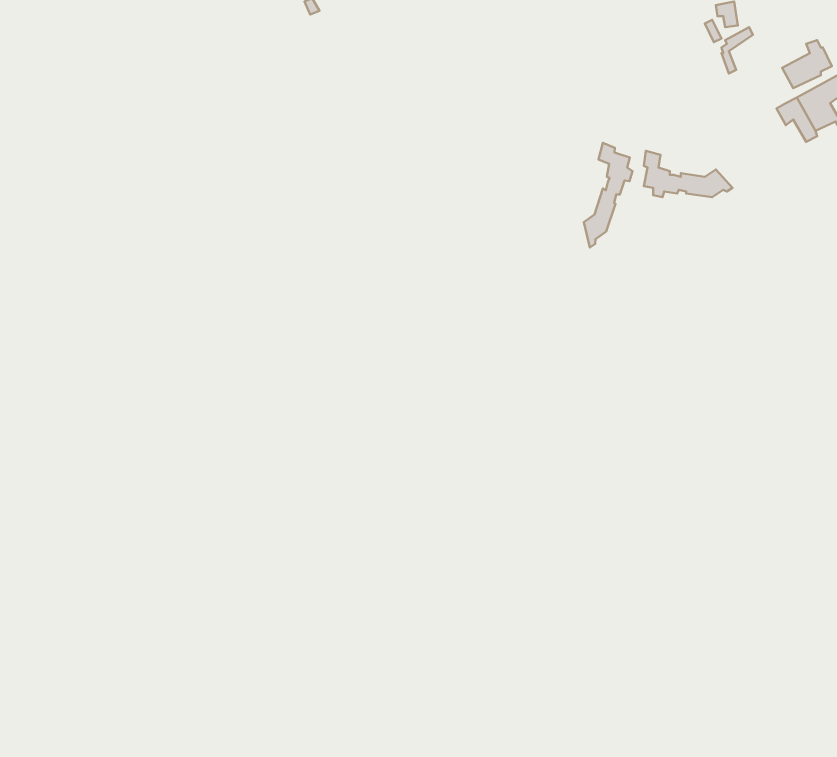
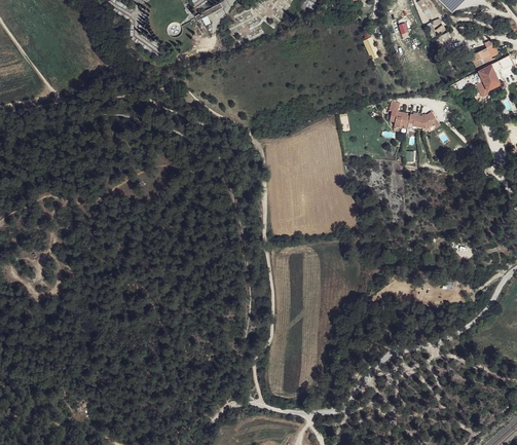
building: [584,143,633,248] -> none

